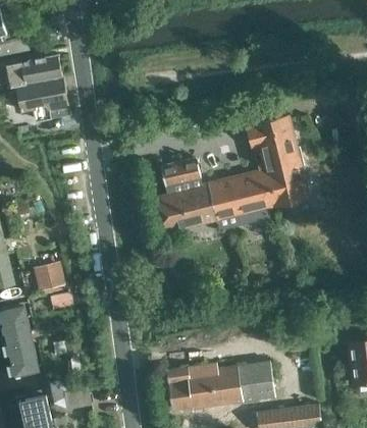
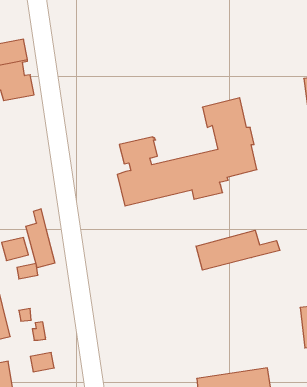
building: none -> [26,209,55,268]
building: none -> [196,230,280,270]
building: [164,355,274,409] -> none

